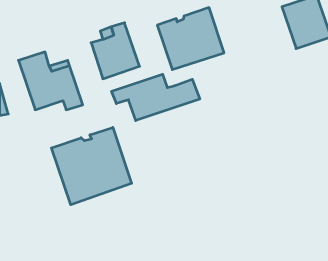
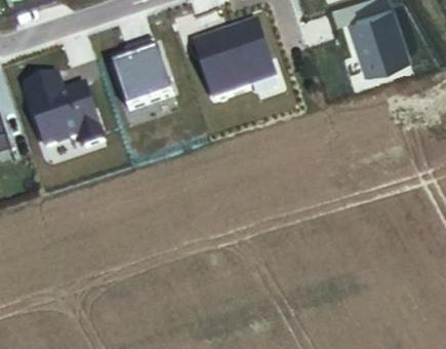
building: [112,74,200,121] -> none
building: [51,127,132,205] -> none

